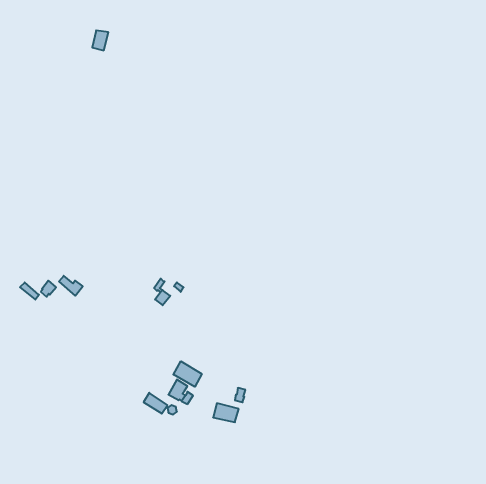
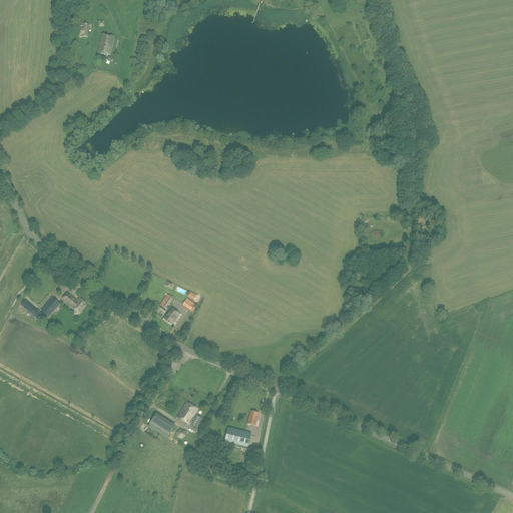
building: [173,361,202,387] -> none

